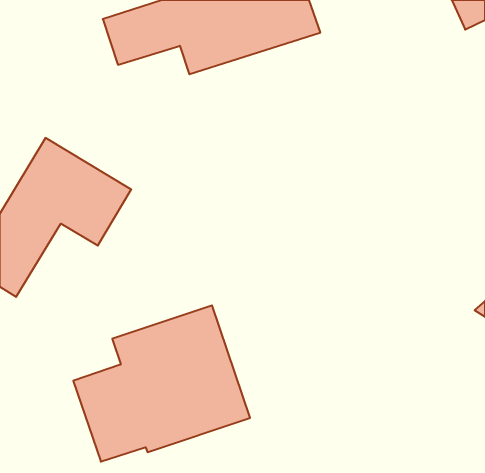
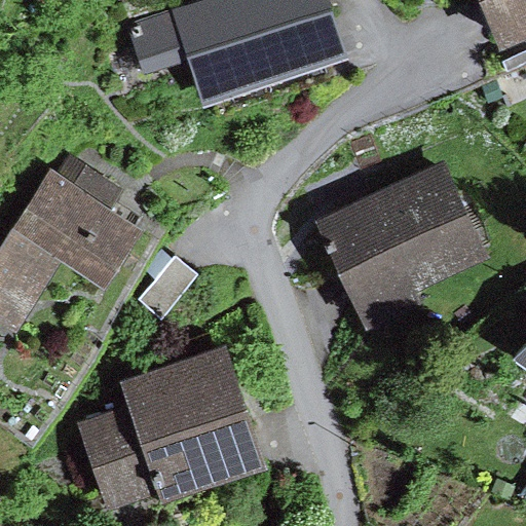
building: none -> [313,159,489,333]

